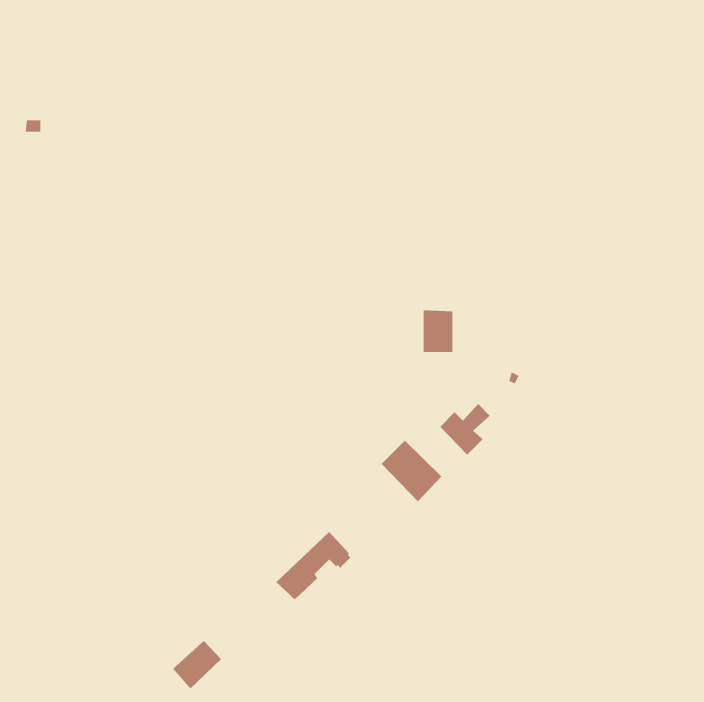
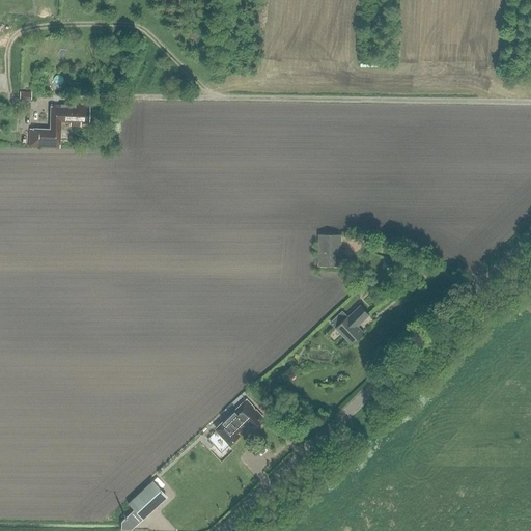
building: none -> [29,103,88,147]
building: [381,440,442,502] -> none

